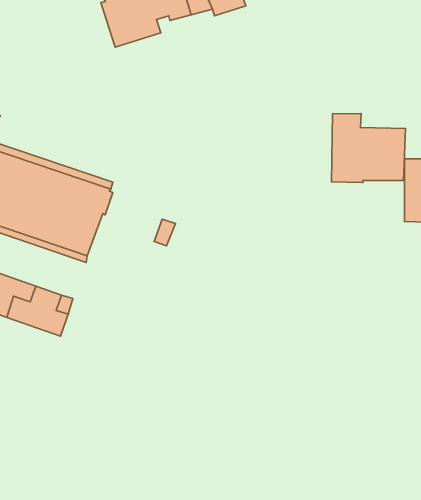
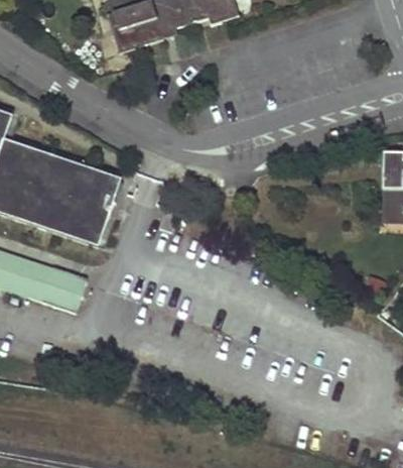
building: [332,113,405,182] -> none

